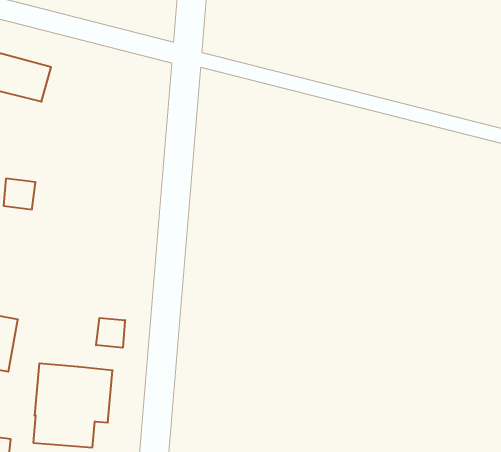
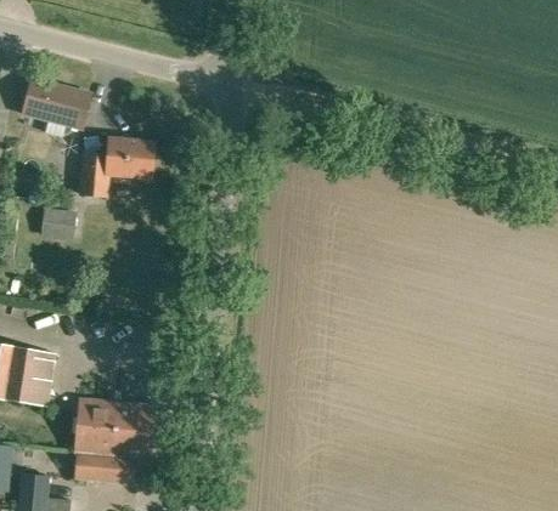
building: none -> [77,137,153,199]
building: [96,318,125,348] -> none

